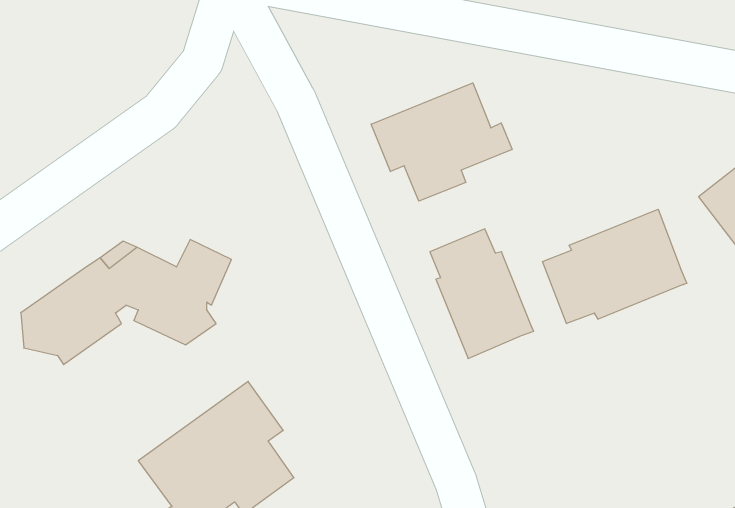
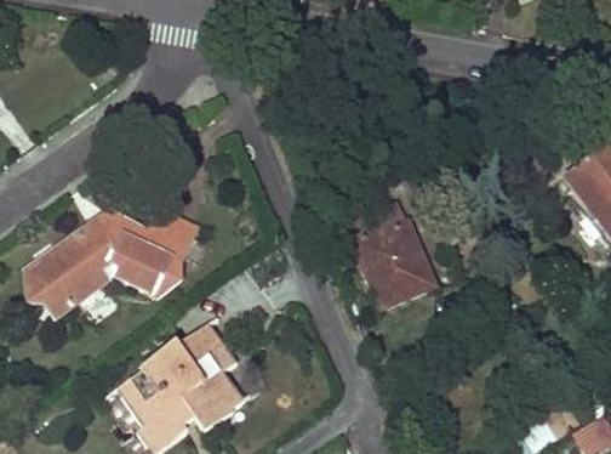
building: [371,83,512,201] -> none
building: [542,209,687,324] -> none

